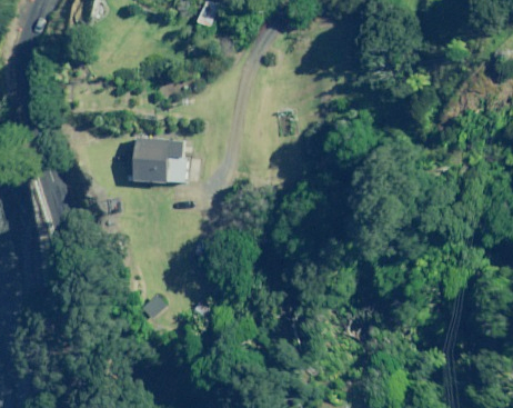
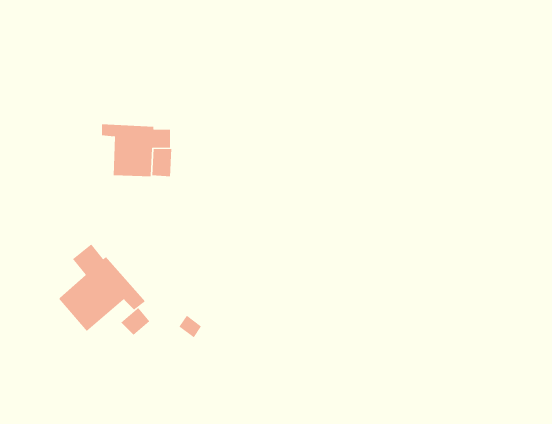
building: none -> [58,243,146,332]

